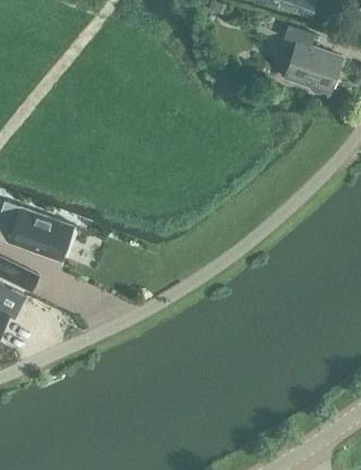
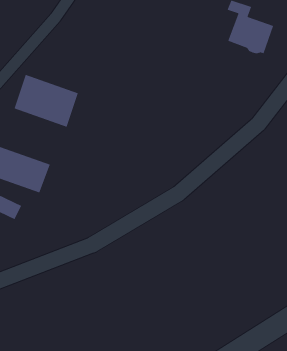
building: none -> [13,74,79,128]

